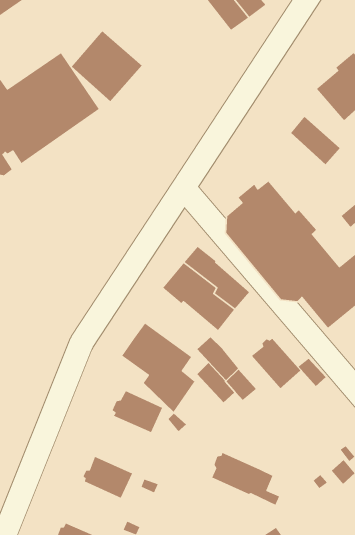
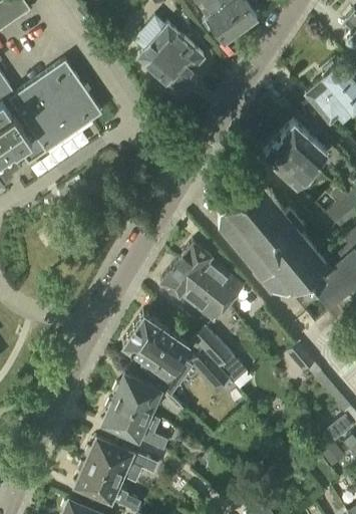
building: [71,30,143,102] -> [137,24,205,91]
building: none -> [263,137,312,185]
building: [251,338,301,389] -> none
building: [211,452,280,506] -> [103,401,167,451]
building: none -> [75,462,121,502]

